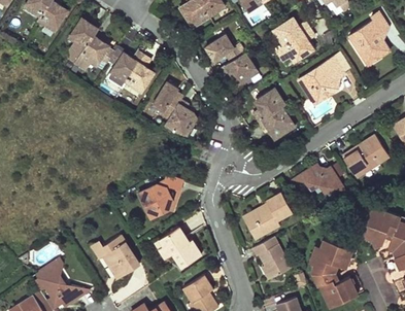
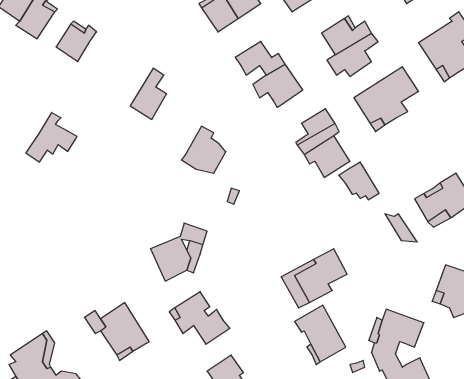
building: [75,35,114,73] -> [26,112,77,162]
building: [110,51,143,84] -> none
building: [155,83,182,122] -> none
building: [302,164,333,193] -> [339,162,379,200]

